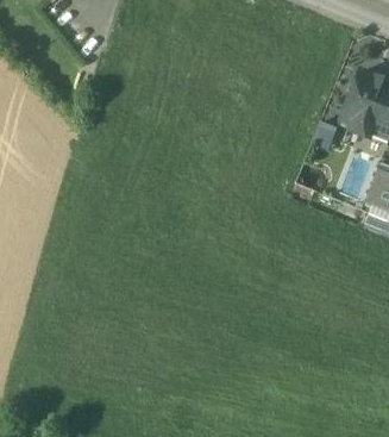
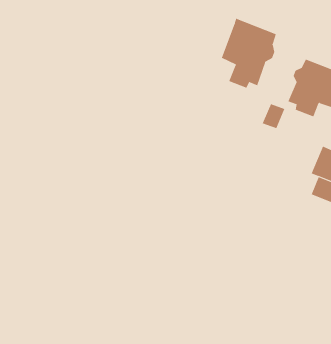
building: none -> [221,18,276,88]

